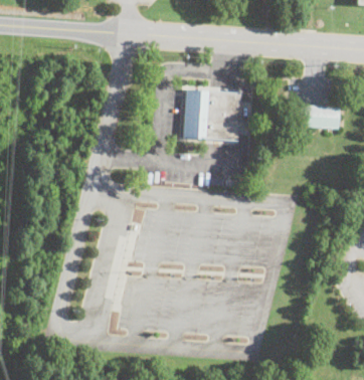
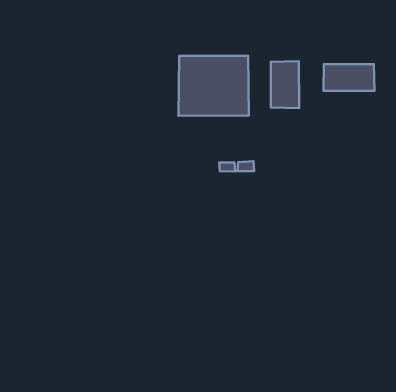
building: none -> [271,61,299,108]

